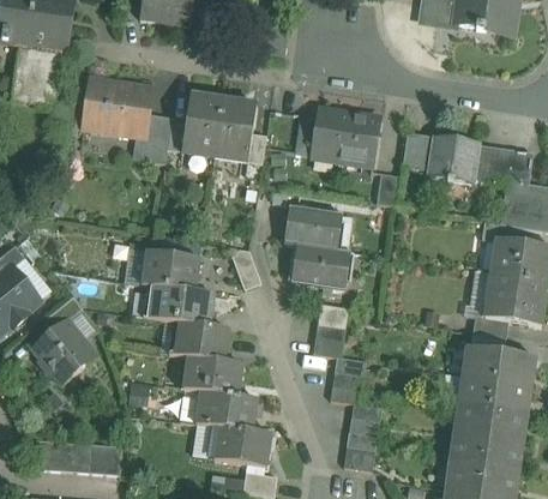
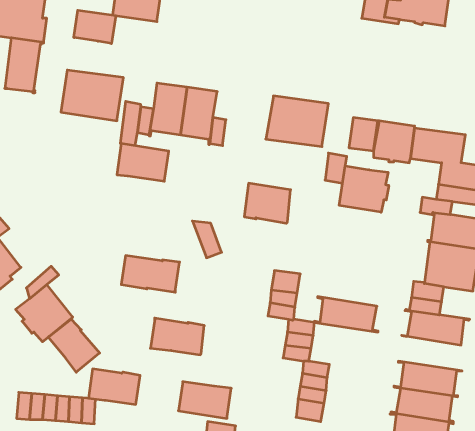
building: none -> [74,10,116,44]
building: none -> [339,166,389,212]
building: [294,244,347,288] -> none
building: [141,250,199,291] -> [117,144,169,181]
building: [173,321,228,361] -> none
building: none -> [49,319,100,372]
building: [457,374,528,414] -> [314,297,378,332]
building: [199,391,257,431] -> [88,369,140,404]

